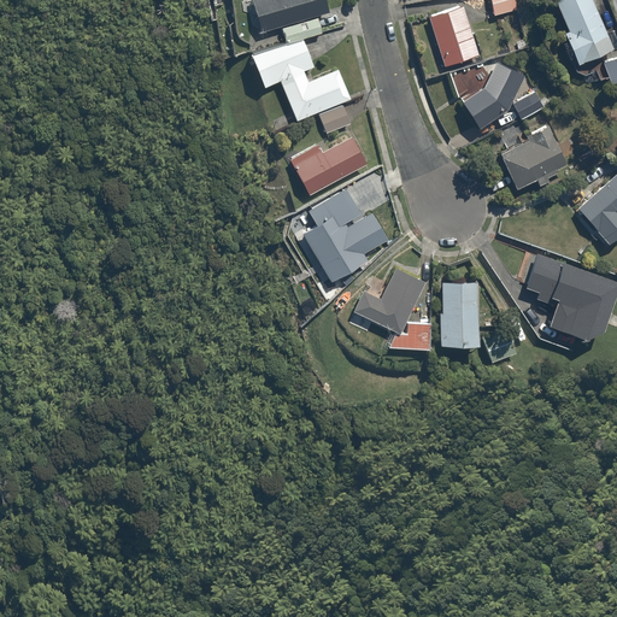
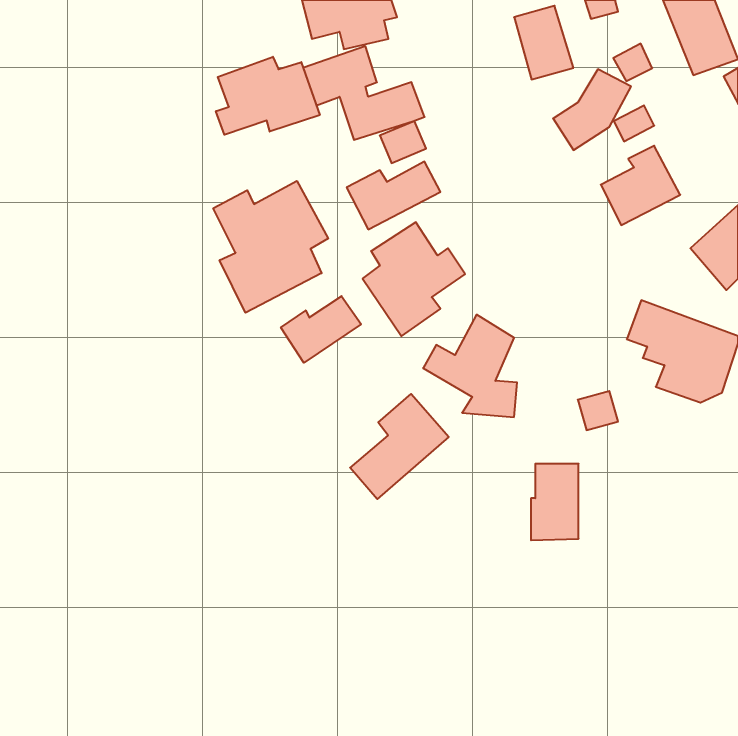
building: none -> [216,57,320,135]
building: [449,64,482,95] -> [613,44,652,81]
building: none -> [213,181,328,313]
building: none -> [281,296,361,363]
building: [439,283,478,347] -> [531,464,579,540]
building: none -> [350,394,449,499]

